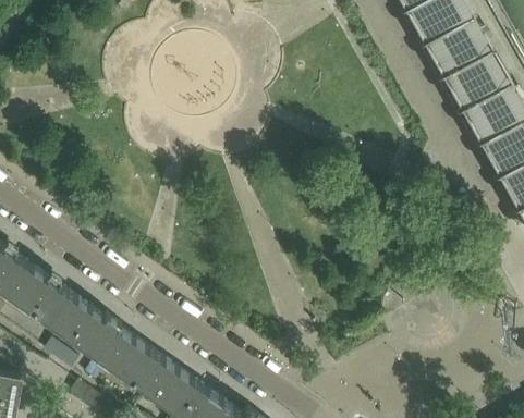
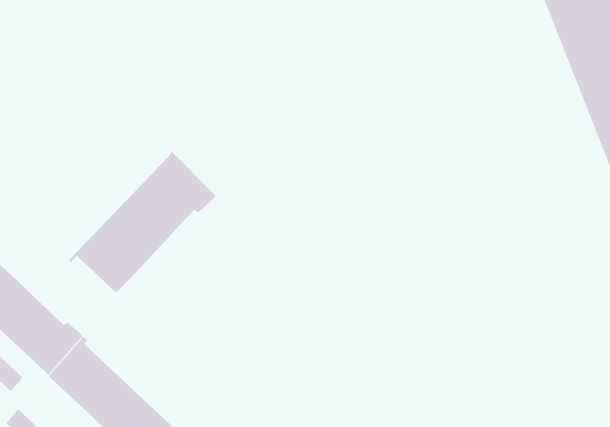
building: none -> [69,151,216,294]

